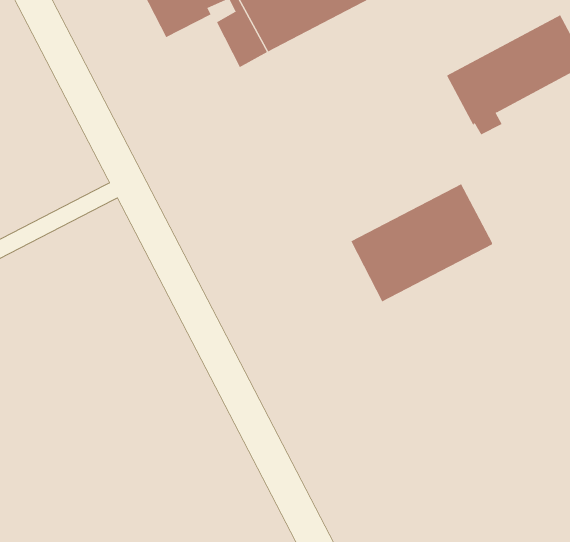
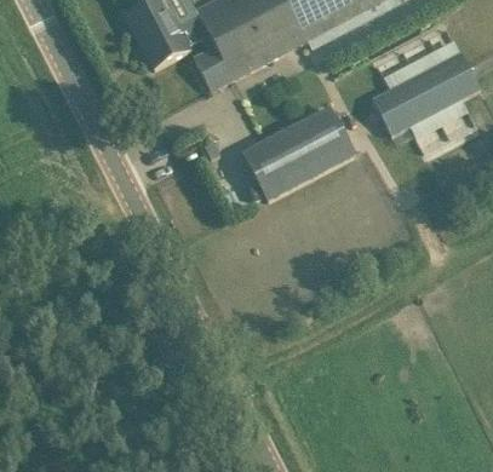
building: [350,183,493,302] -> [245,108,355,200]

